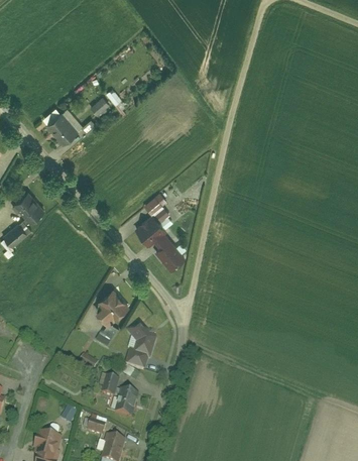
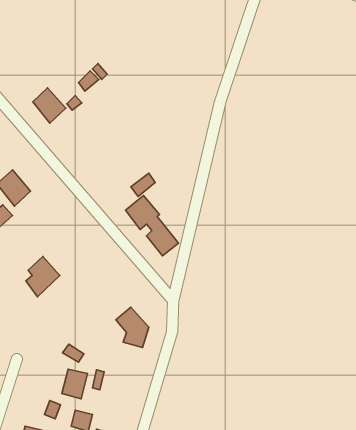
building: [96,287,128,326] -> [26,256,60,297]
building: [114,390,138,419] -> [62,369,87,399]

